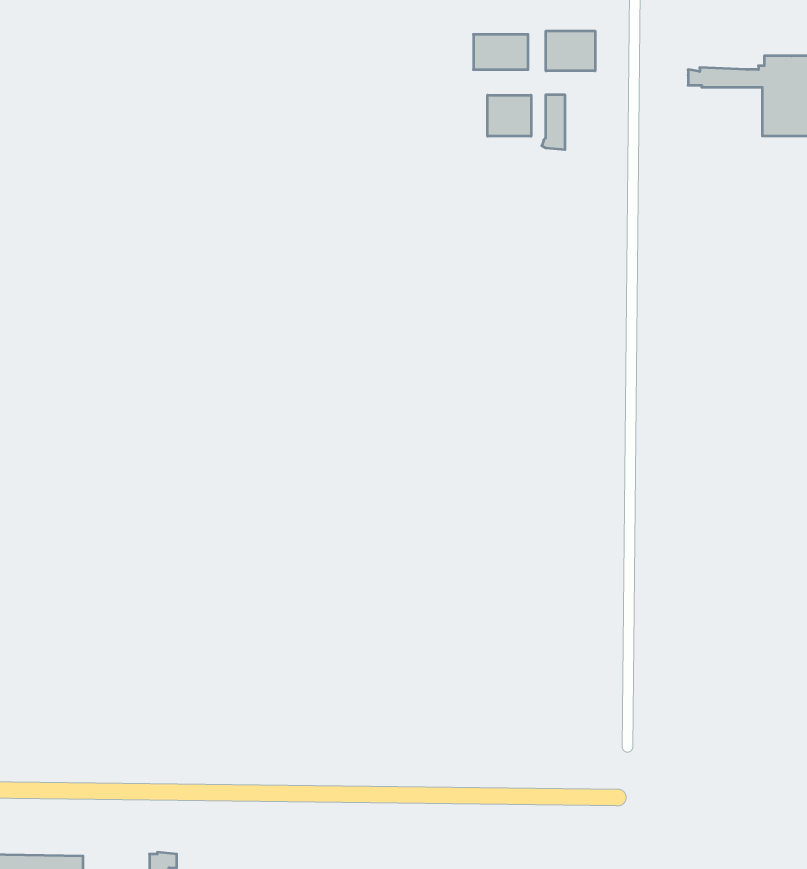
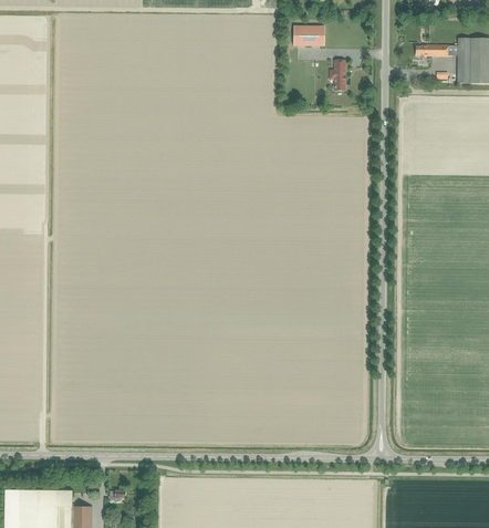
building: [546,31,595,71] -> none
building: [488,95,531,136] -> none

